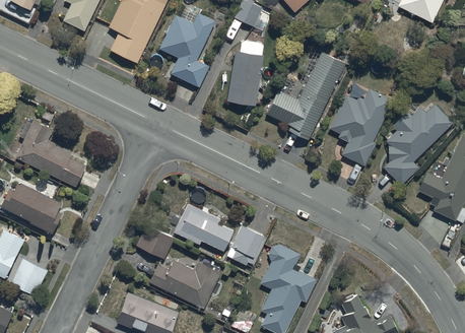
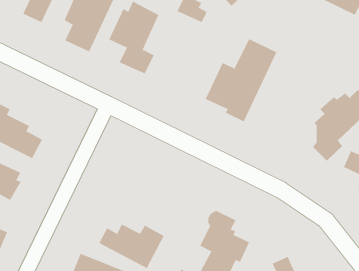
building: [226,45,263,112] -> none
building: [330,92,393,171] -> none
building: [172,201,231,250] -> none
building: [134,222,173,258] -> none
building: [225,224,266,265] -> none

